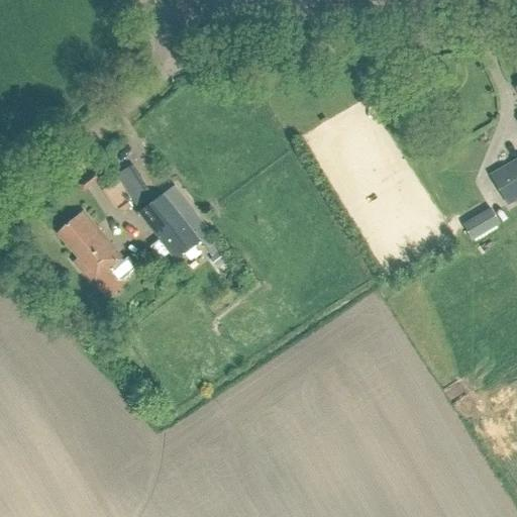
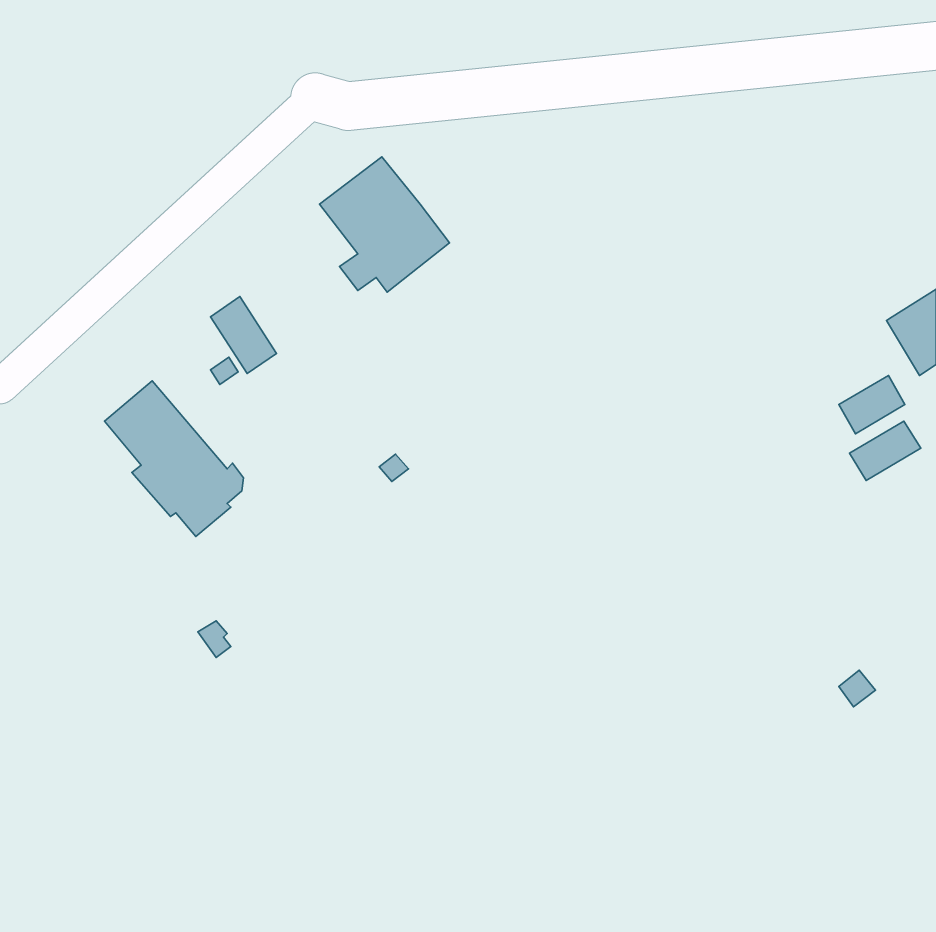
building: [138,185,210,260] -> [319,157,449,292]
building: none -> [849,421,921,480]

